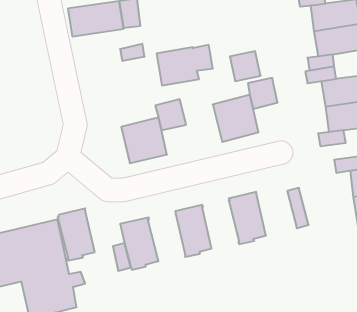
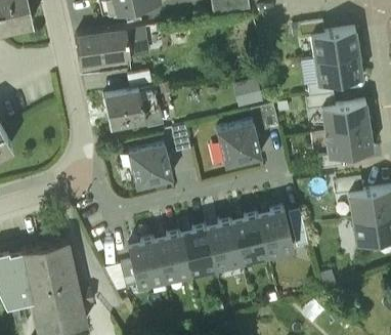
building: [157,45,213,85] -> [104,89,159,128]
building: none -> [259,209,294,259]
building: none -> [207,221,243,271]
building: [58,208,95,261] -> [155,234,190,284]

